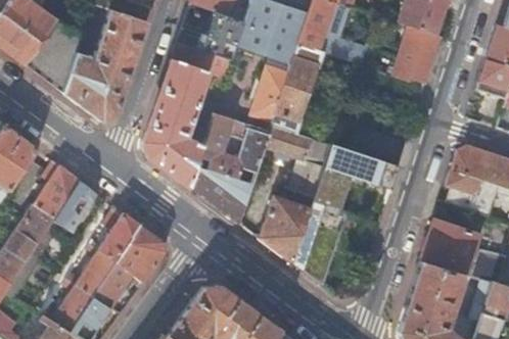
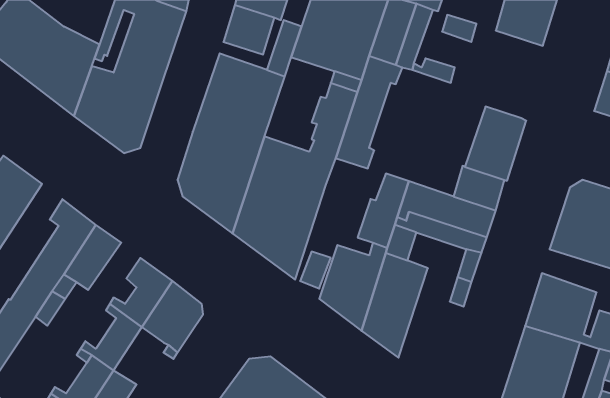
building: [391,28,441,87] -> [465,107,526,181]
building: [263,127,311,160] -> none
building: [93,261,133,307] -> none

